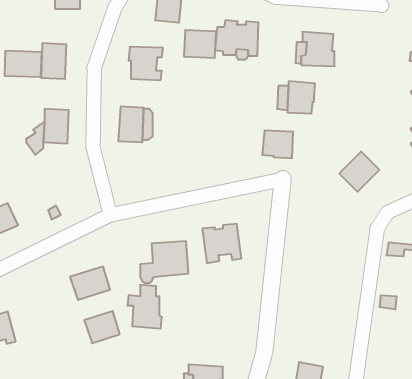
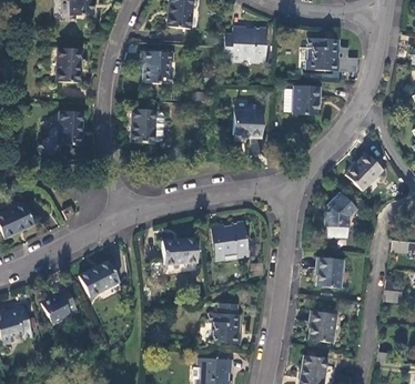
building: [184,30,216,58] -> none
building: [5,51,41,77] -> none
building: [262,131,293,158] -> [233,109,263,135]
building: none -> [325,193,356,238]
building: none -> [316,257,343,289]
building: [127,285,162,329] -> [209,302,242,344]
building: [84,311,120,343] -> [43,287,78,319]
building: none -> [308,311,337,342]

